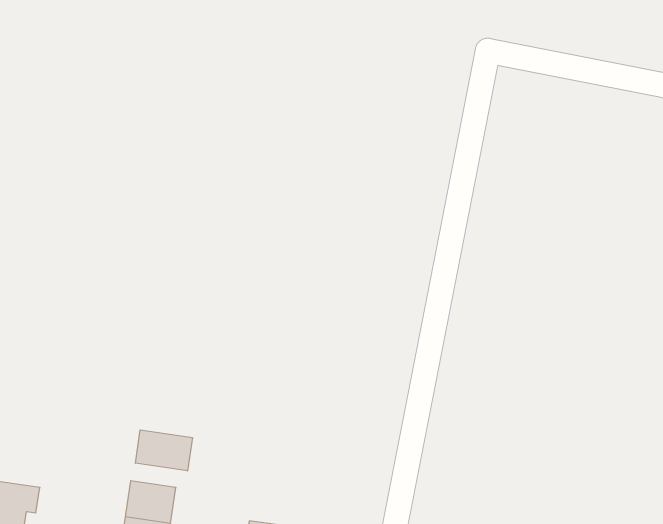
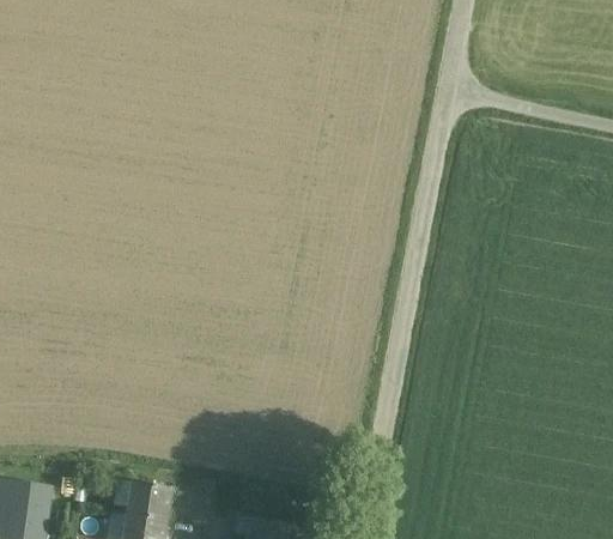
building: [135,430,192,471] -> none

